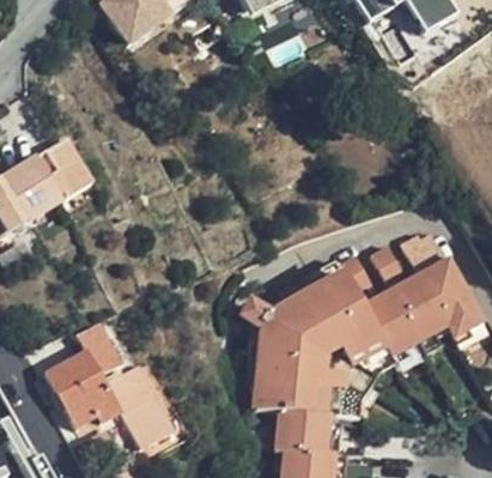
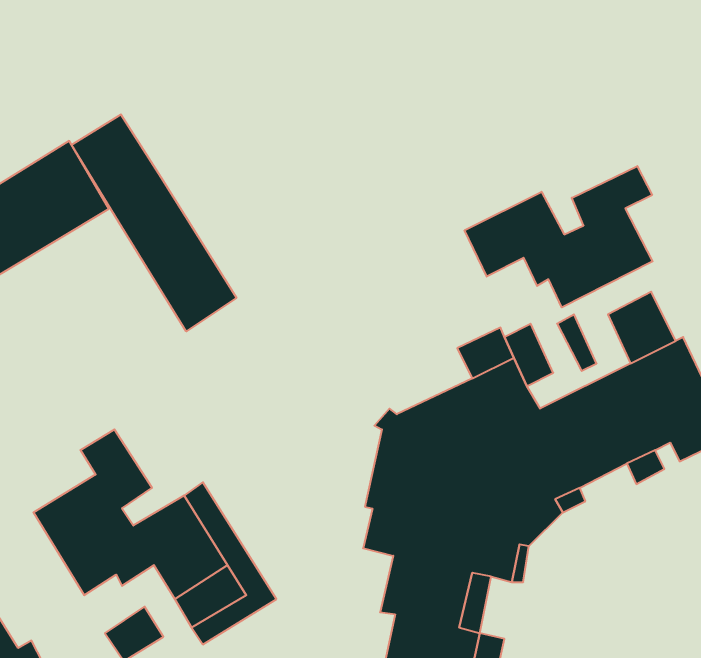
building: none -> [71,114,236,331]
building: none -> [465,166,653,307]

